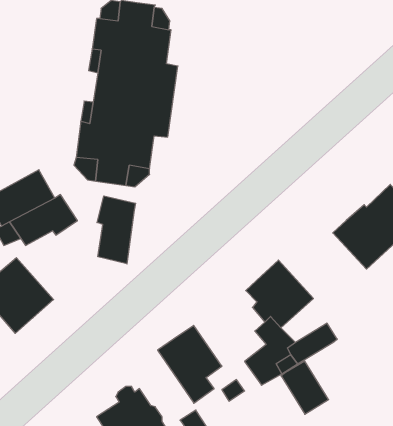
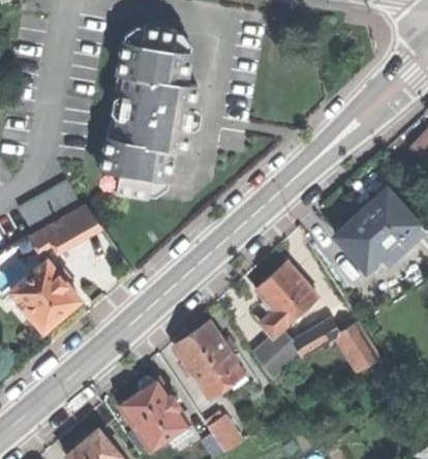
building: [97,196,136,264] -> none
building: [281,361,329,414] -> [335,324,378,372]

